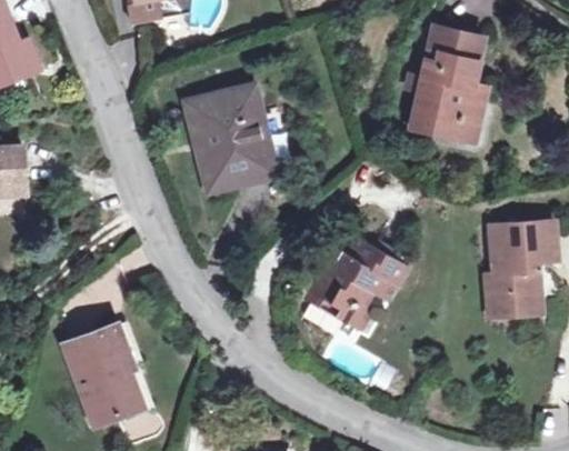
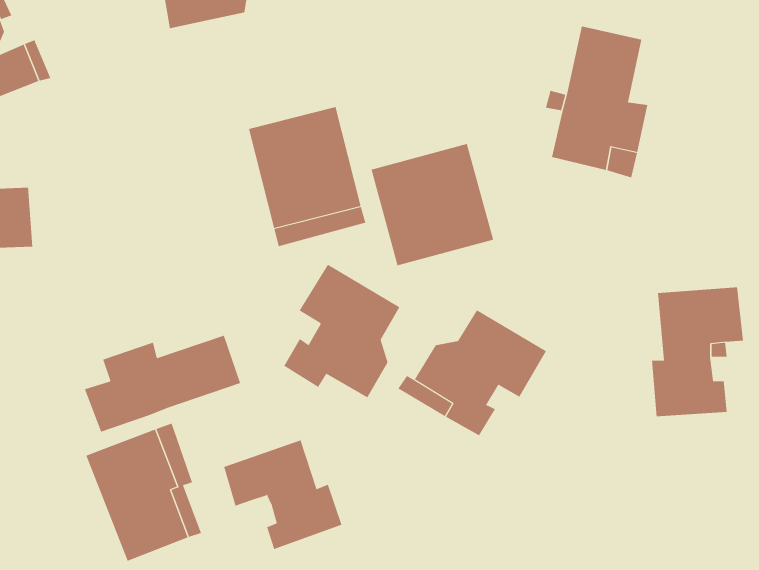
building: none -> [371,143,494,266]
building: none -> [284,264,400,398]
building: none -> [84,335,241,433]
building: none -> [223,440,342,550]

